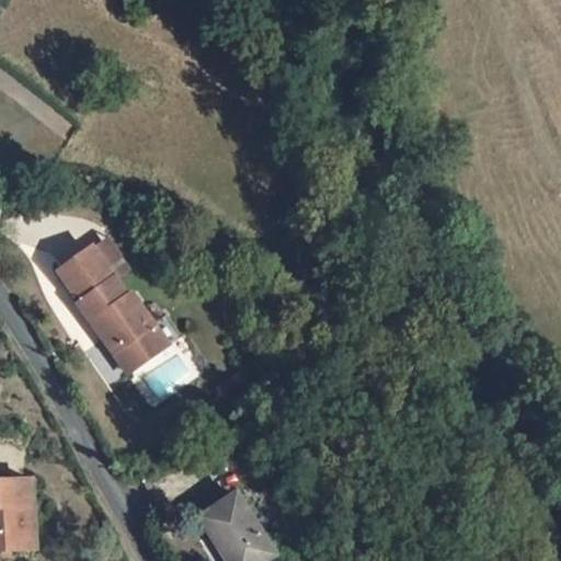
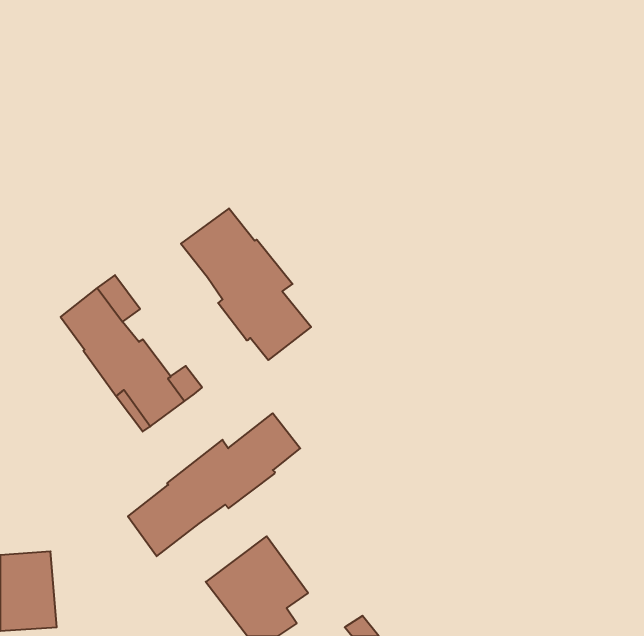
building: none -> [181,208,311,360]
building: none -> [128,413,300,556]

